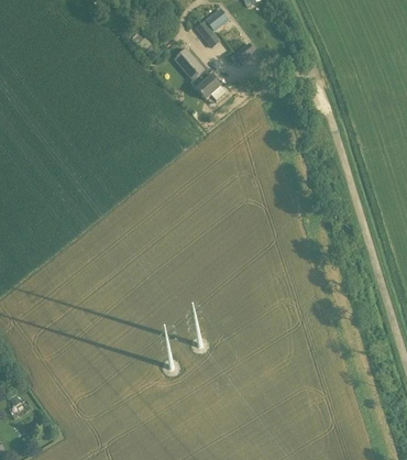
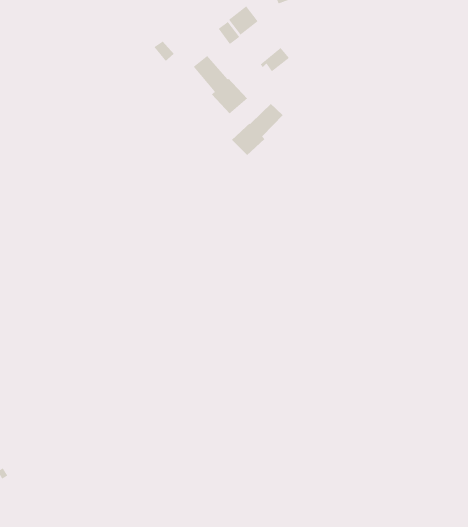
building: none -> [231,103,283,156]

